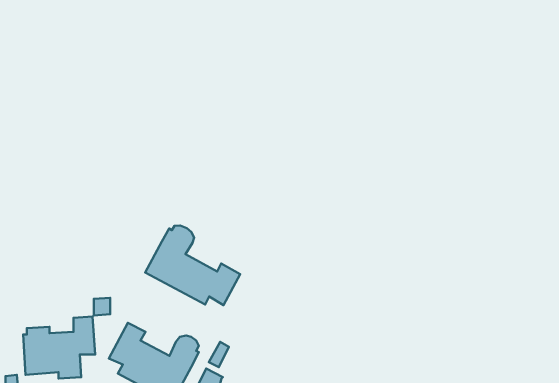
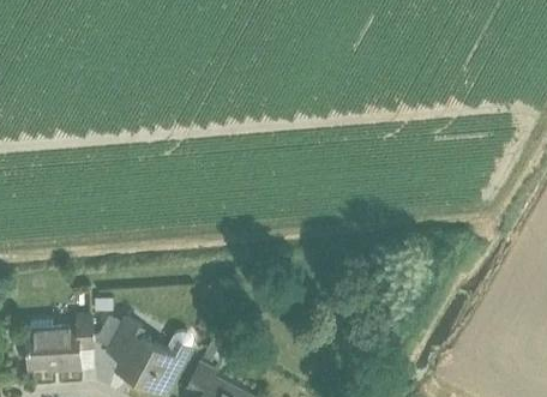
building: [145,226,240,305] -> none

